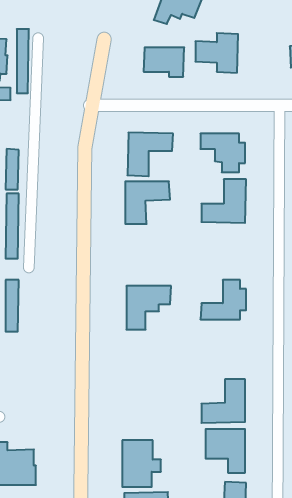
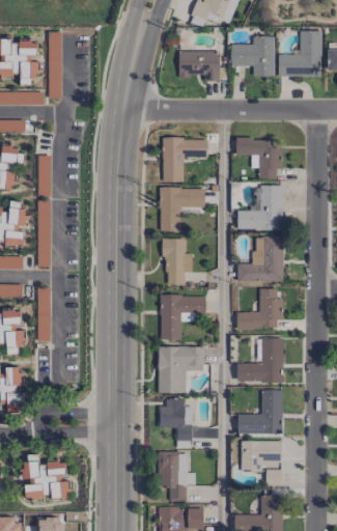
building: none -> [278,31,322,77]
building: none -> [237,236,284,282]
building: none -> [164,237,192,284]
building: none -> [236,337,283,383]
building: none -> [158,346,204,393]
building: none -> [158,398,192,447]

